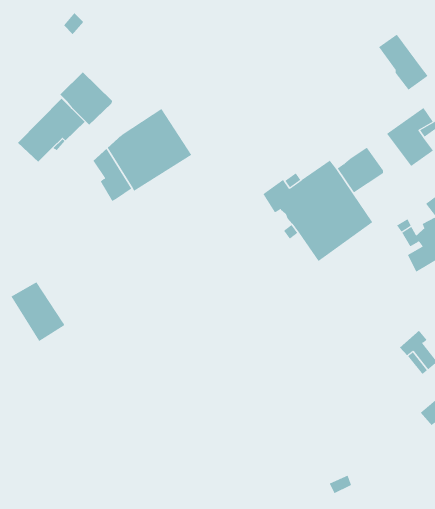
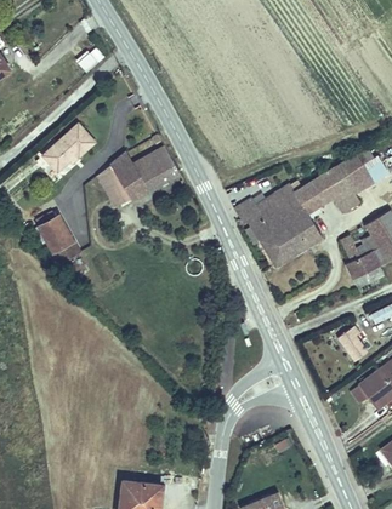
building: [378,34,428,91] -> [320,167,359,213]
building: [60,71,113,125] -> none
building: [10,281,65,342] -> [38,216,80,264]

